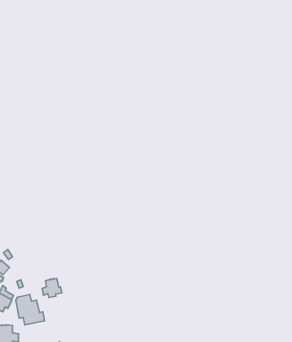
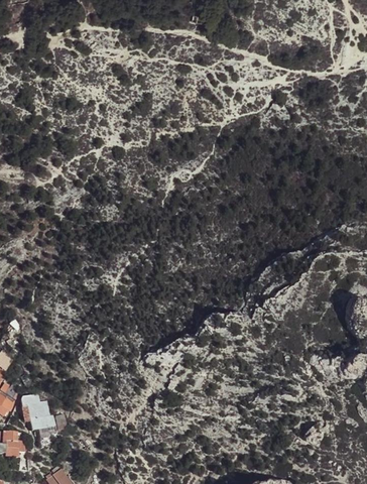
building: [42,278,62,298] -> none

